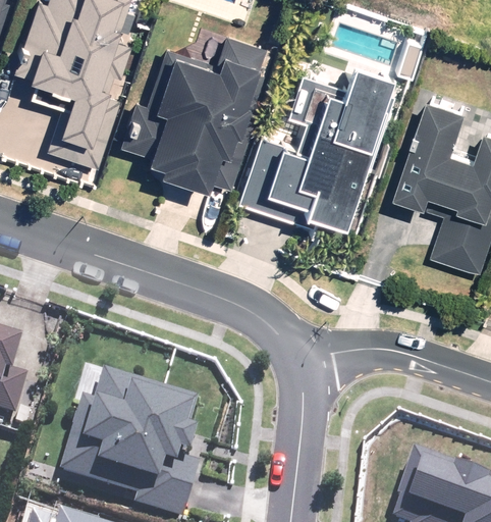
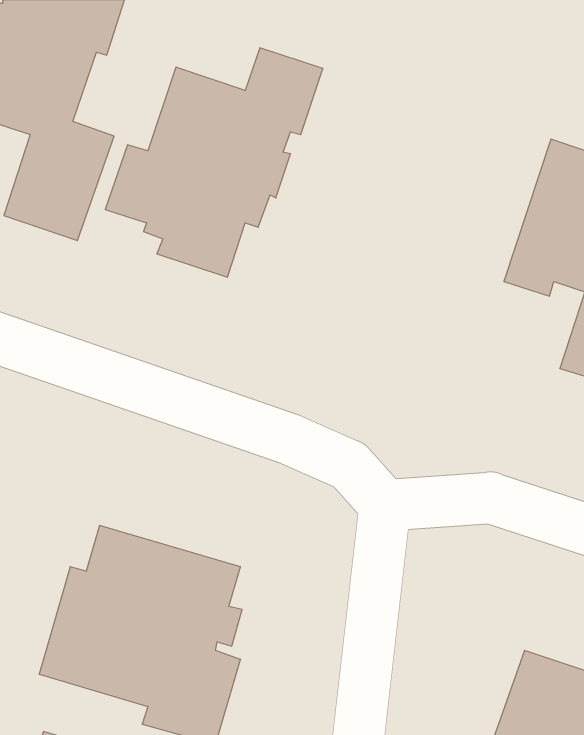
building: [235,69,393,231] -> none

